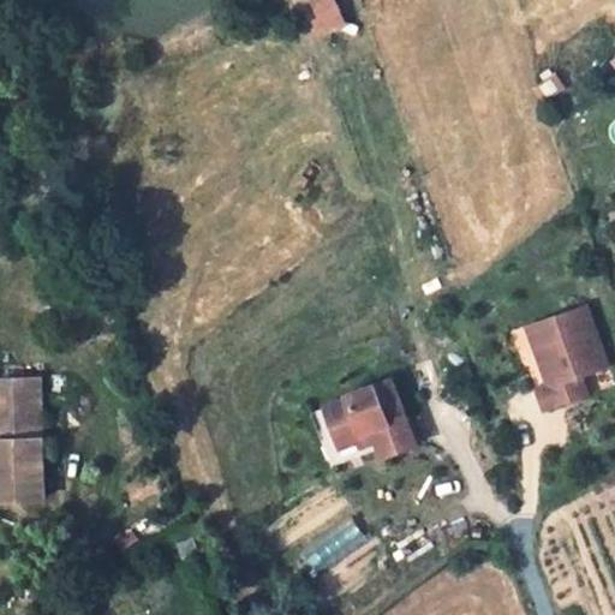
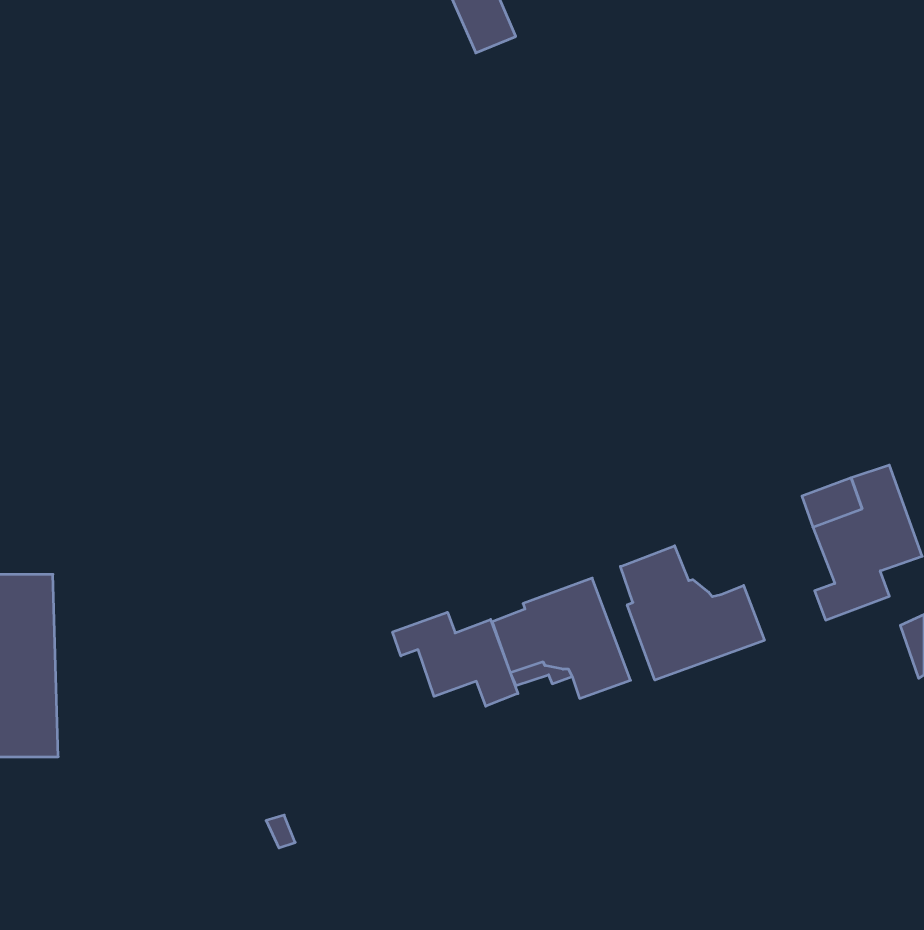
building: none -> [620,546,764,680]
building: none -> [393,612,518,706]

